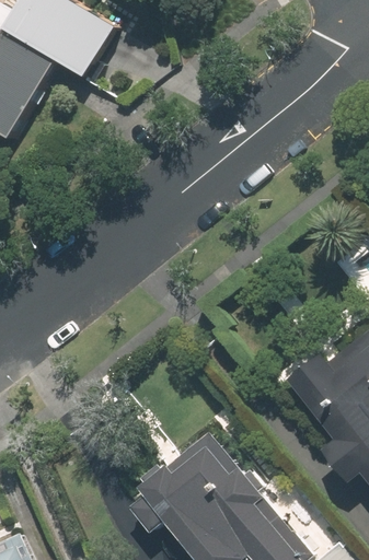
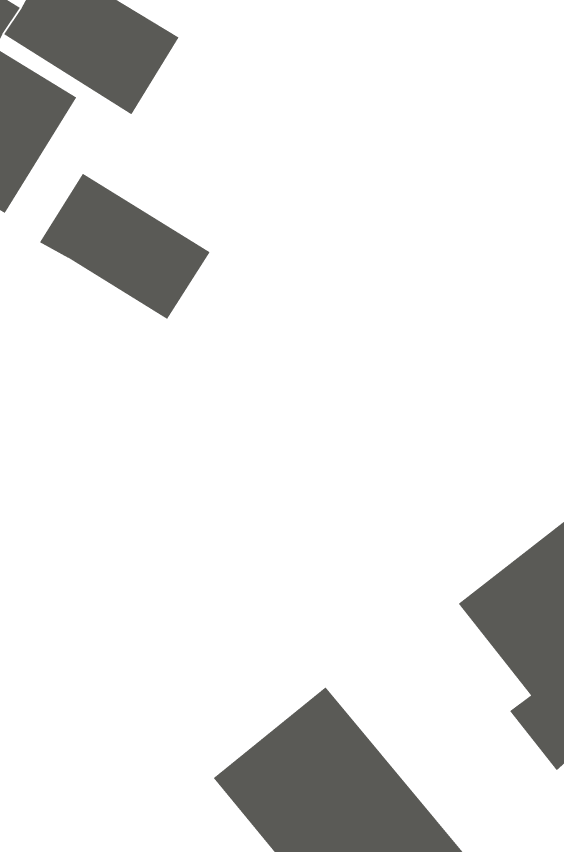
building: none -> [39,173,210,320]

